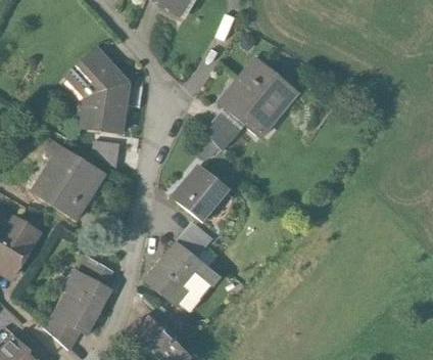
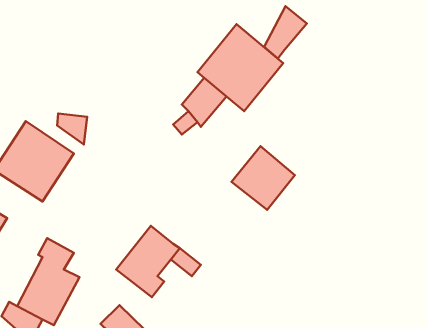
building: none -> [264,6,307,58]
building: [65,45,130,132] -> none
building: [172,163,230,221] -> [231,146,295,210]
building: [176,221,212,258] -> none

